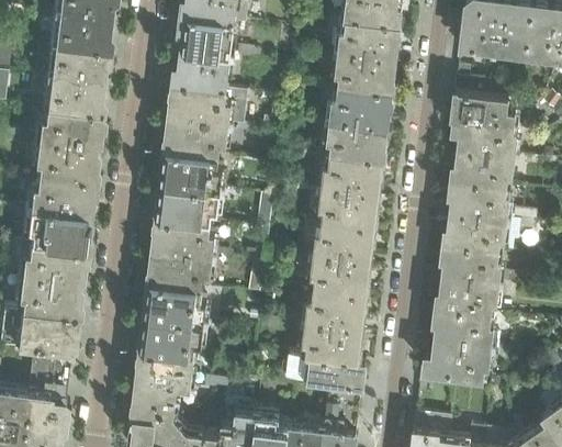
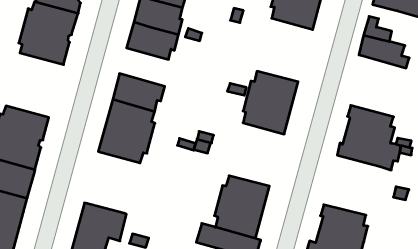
building: [327,90,391,164] -> none
building: [451,120,517,190] -> none
building: [160,153,221,193] -> none
building: [22,178,90,253] -> none
building: [311,224,374,298] -> none
building: [436,247,502,316] -> none
building: [140,286,205,358] -> none

